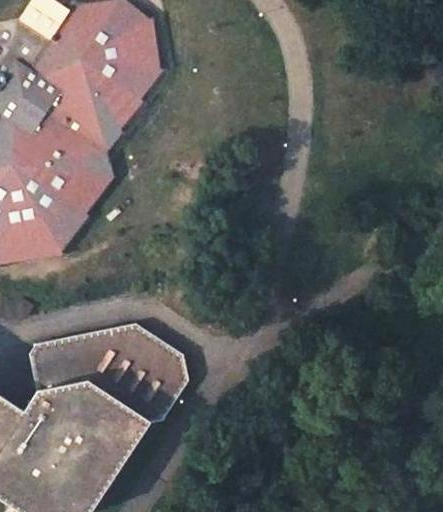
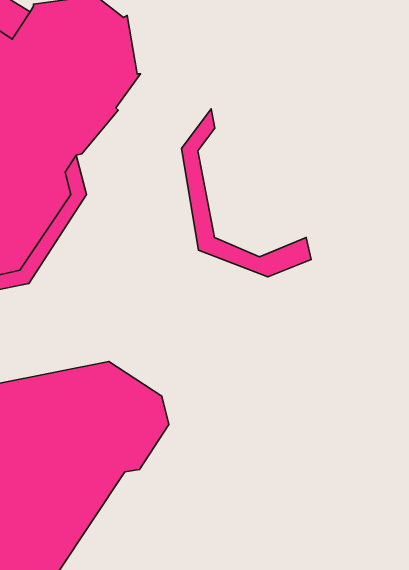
building: none -> [181,109,311,277]

